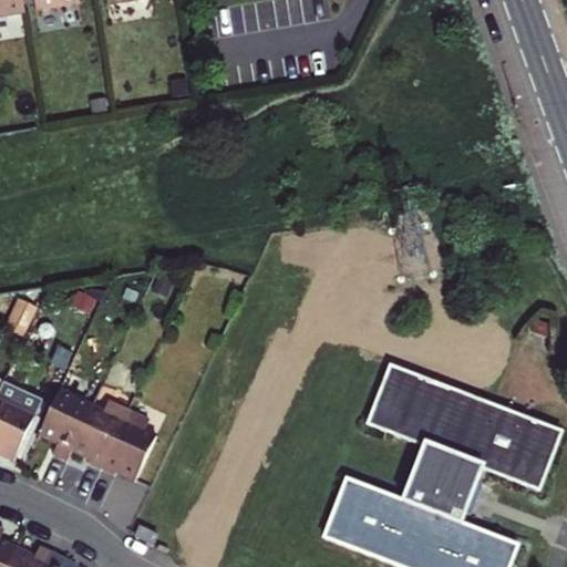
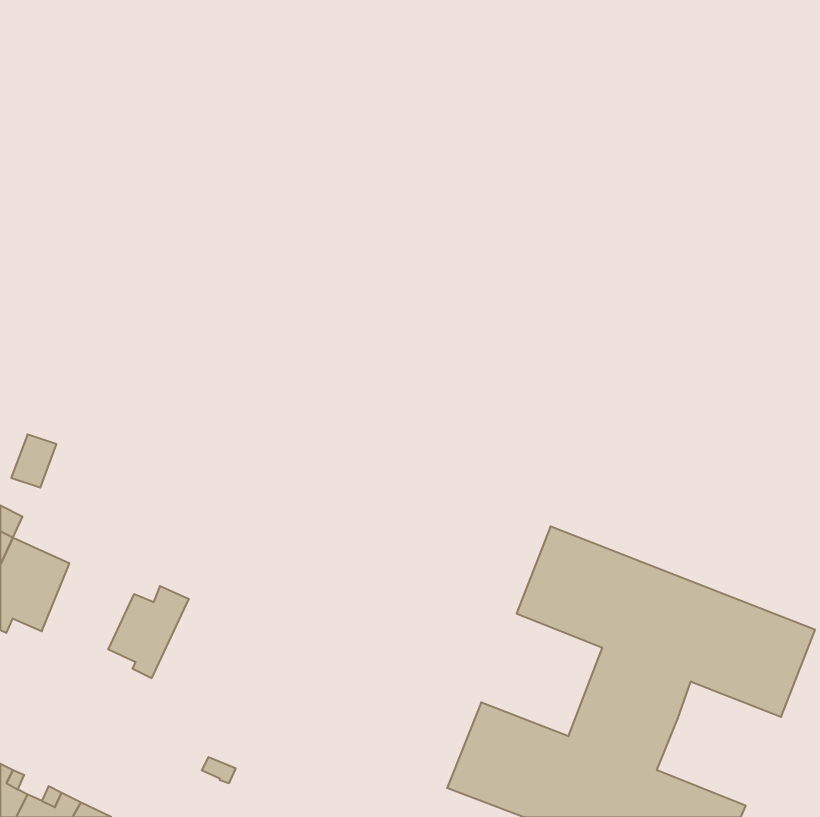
building: [44,392,95,458] -> none
building: [107,411,173,473] -> none

